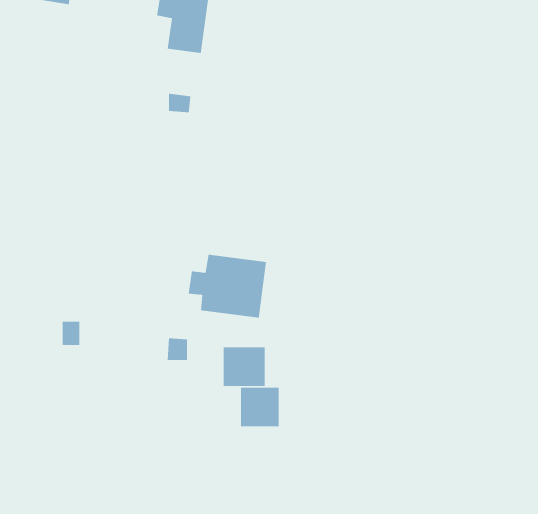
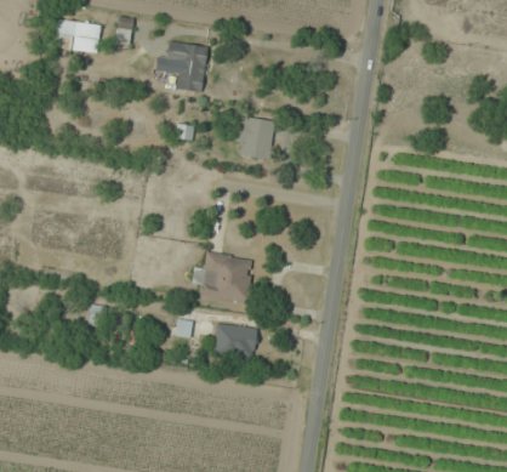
building: none -> [234,115,275,160]
building: [241,387,279,427] -> none

